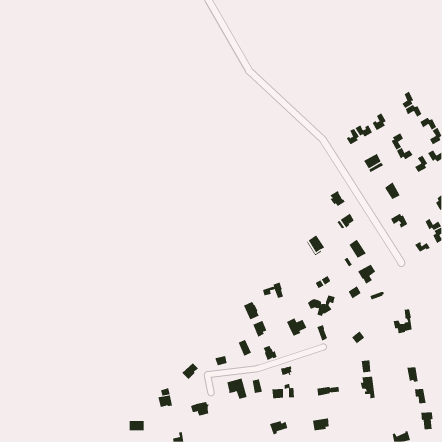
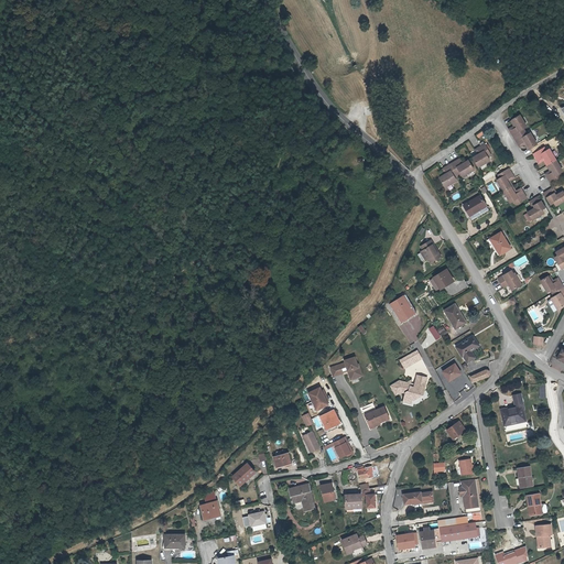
building: none -> [422,523,479,547]

